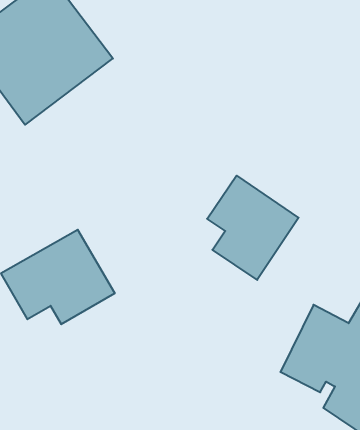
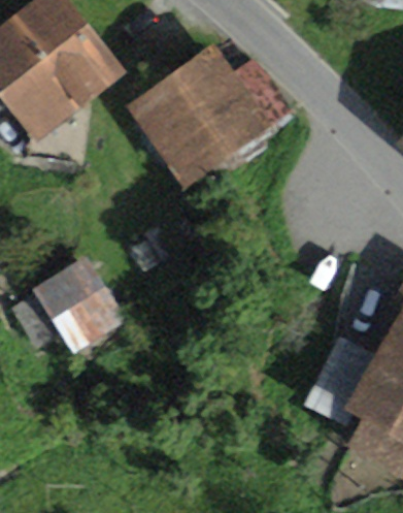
building: none -> [126,44,295,189]
building: [207,176,299,280] -> none

